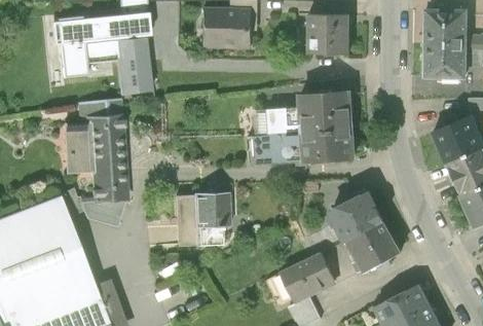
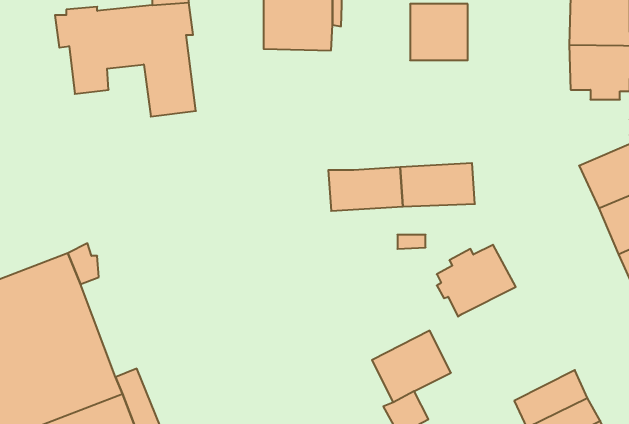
building: [263,92,351,135] -> none
building: [61,102,125,203] -> none
building: [173,192,228,247] -> none
building: [344,220,400,274] -> none

